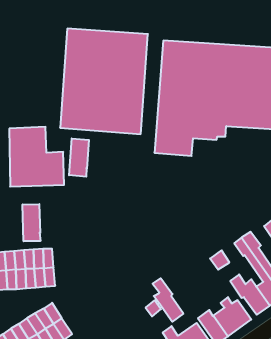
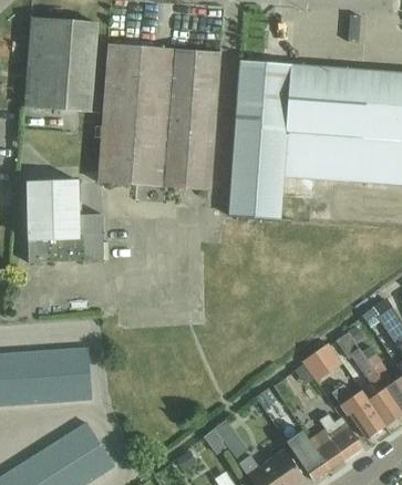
building: none -> [25,19,97,113]
building: [69,138,89,177] -> none
building: [23,204,40,241] -> none
building: [153,278,183,322] -> none

